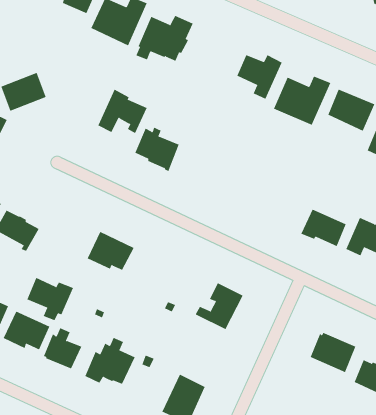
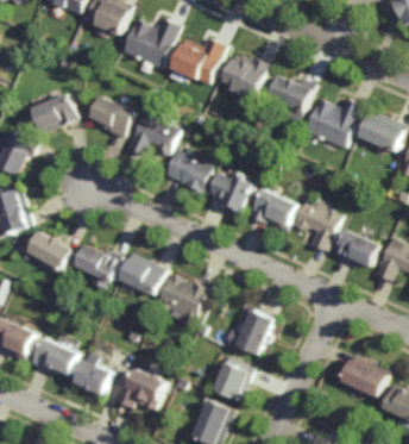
building: none -> [219,55,266,108]
building: none -> [88,96,133,137]
building: none -> [207,171,251,217]
building: none -> [247,188,295,230]
building: none -> [291,199,341,252]
building: none -> [156,275,206,323]
building: [26,277,74,321] -> [73,245,120,289]
building: none -> [212,355,252,400]

